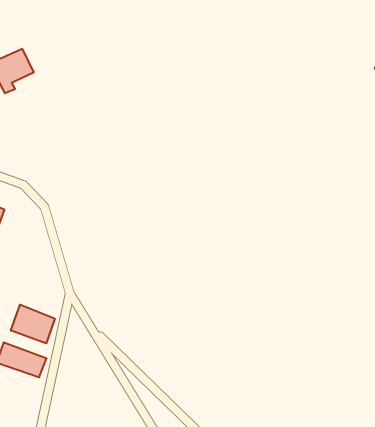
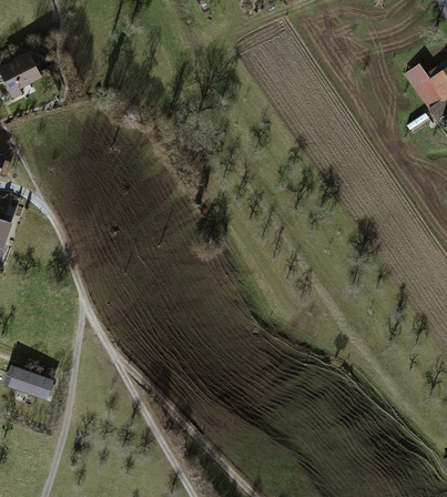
building: [11,305,55,343] -> none

